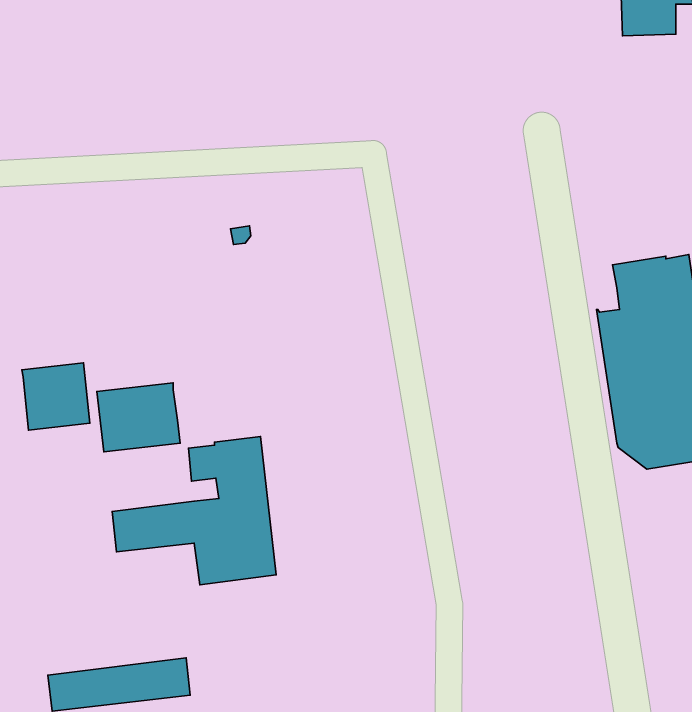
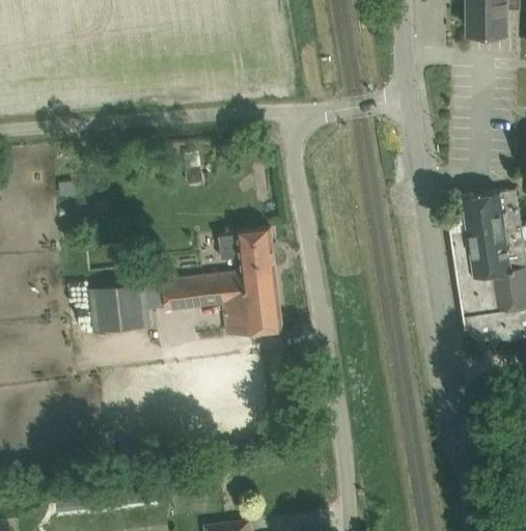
building: [22,363,90,430] -> none
building: [112,437,276,585] -> [163,227,281,334]

